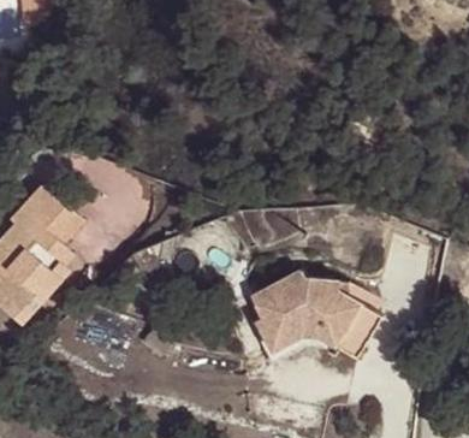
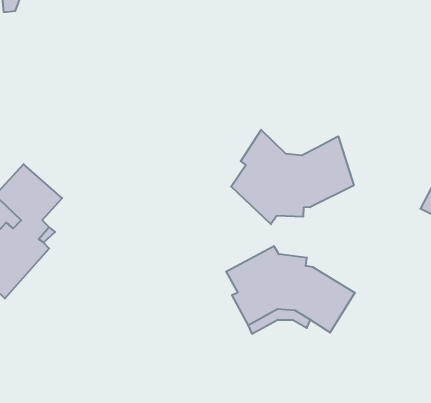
building: none -> [231,130,354,224]

